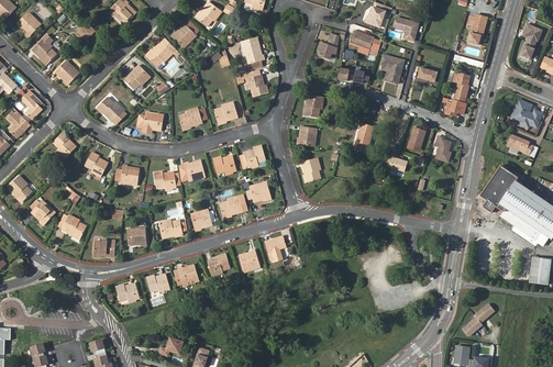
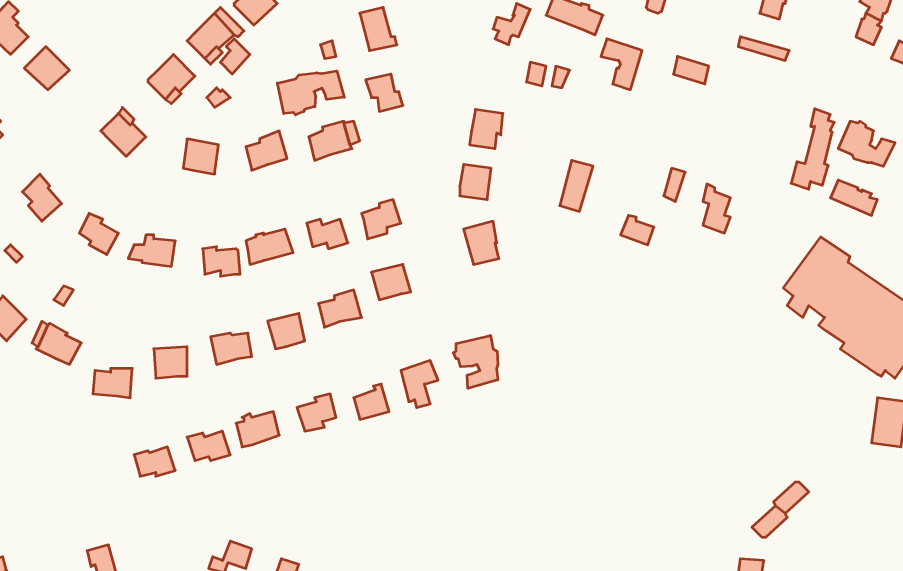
building: [444,71,468,116] -> [791,109,834,189]
building: none -> [277,71,344,115]
building: none -> [453,335,498,388]

